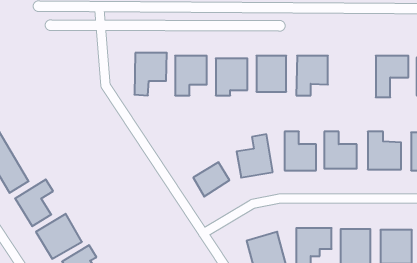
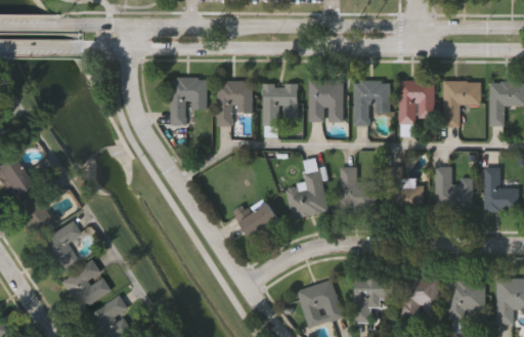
building: none -> [399,80,434,124]

